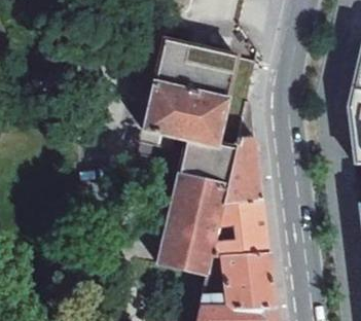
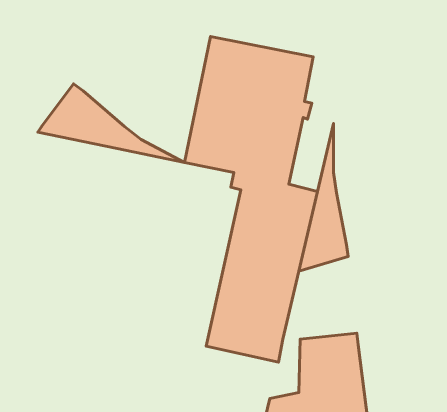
building: none -> [38,84,185,162]
building: [215,198,267,256] -> none

